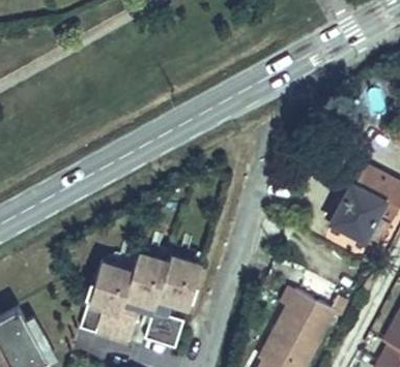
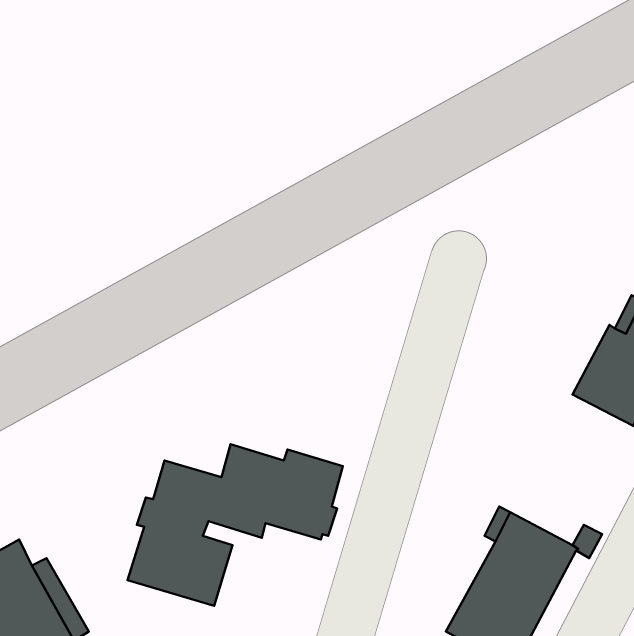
building: [144,311,182,348] -> none

